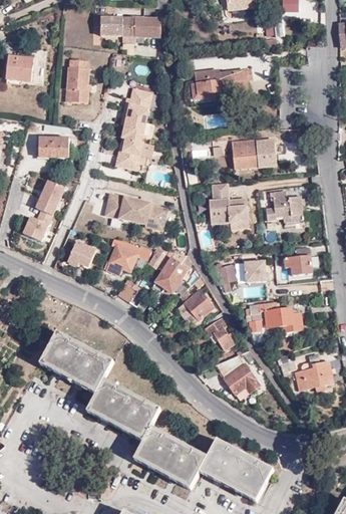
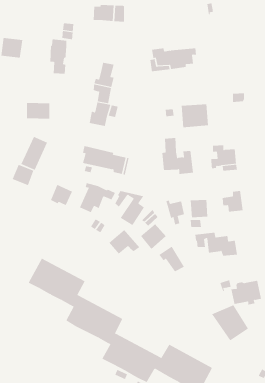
building: [100,16,122,35] -> none
building: none -> [109,229,140,254]
building: [215,352,262,399] -> [211,304,249,341]

